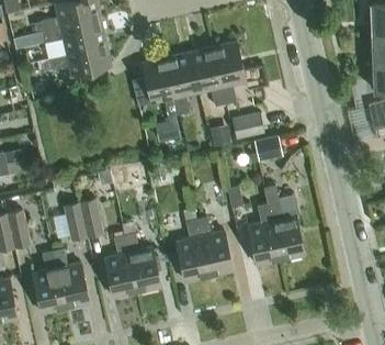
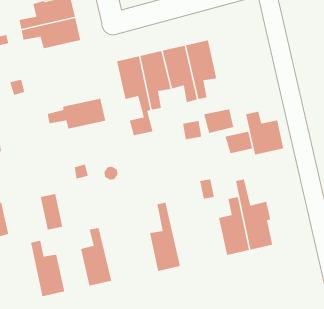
building: [49,43,111,76] -> [47,98,106,130]
building: none -> [242,101,284,155]
building: [79,198,103,236] -> none
building: [195,218,233,277] -> none
building: [122,223,161,292] -> none
building: [32,252,65,314] -> none

